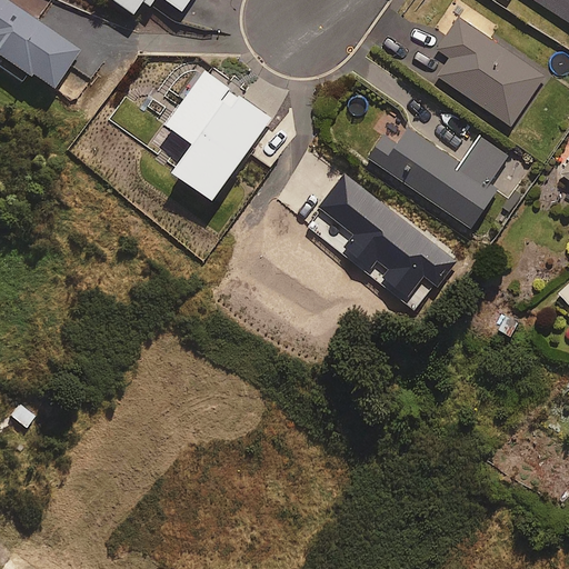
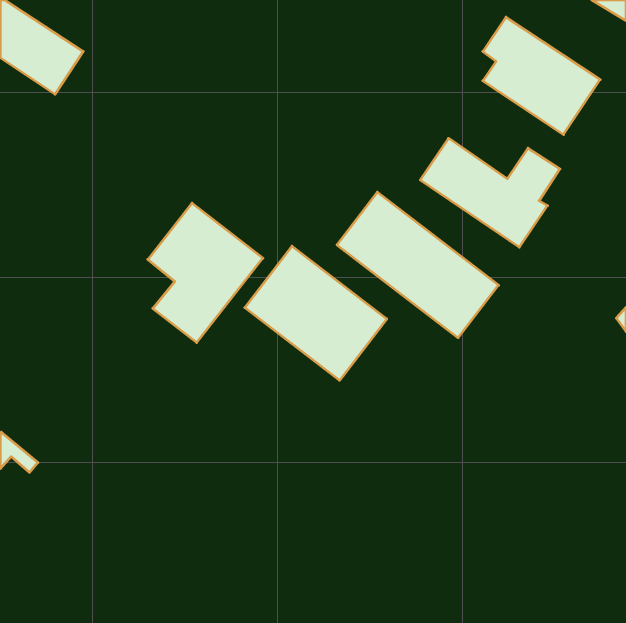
building: [166,68,270,194] -> [148,203,263,343]
building: none -> [245,246,387,380]

